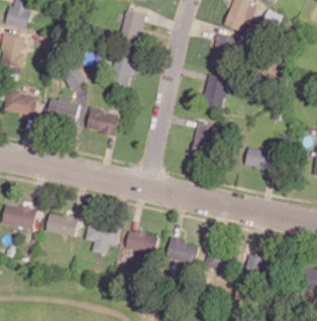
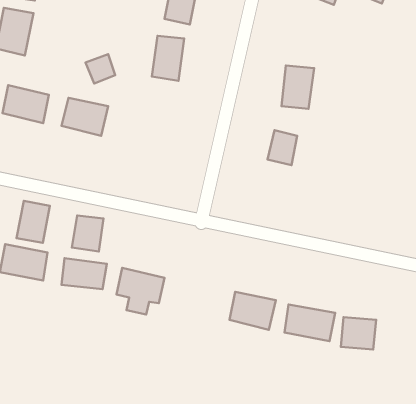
building: [211,33,237,71] -> none
building: [88,110,120,134] -> none
building: [245,146,280,172] -> none
building: none -> [17,201,50,243]
building: none -> [72,216,103,252]
building: [126,230,159,252] -> none

